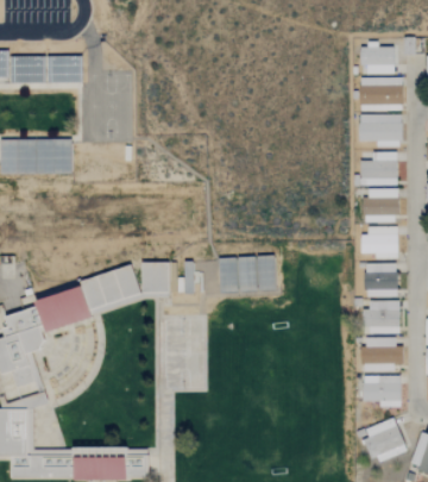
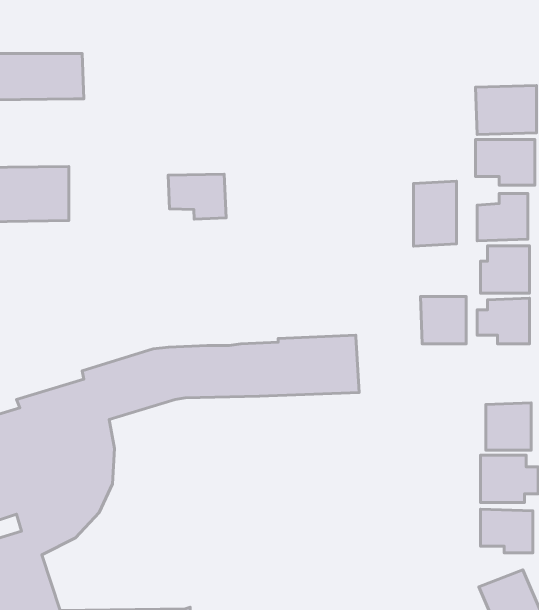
building: [359,44,394,74] -> none
building: none -> [168,174,226,219]
building: none -> [413,181,457,246]
building: [364,263,396,296] -> [421,297,466,344]

